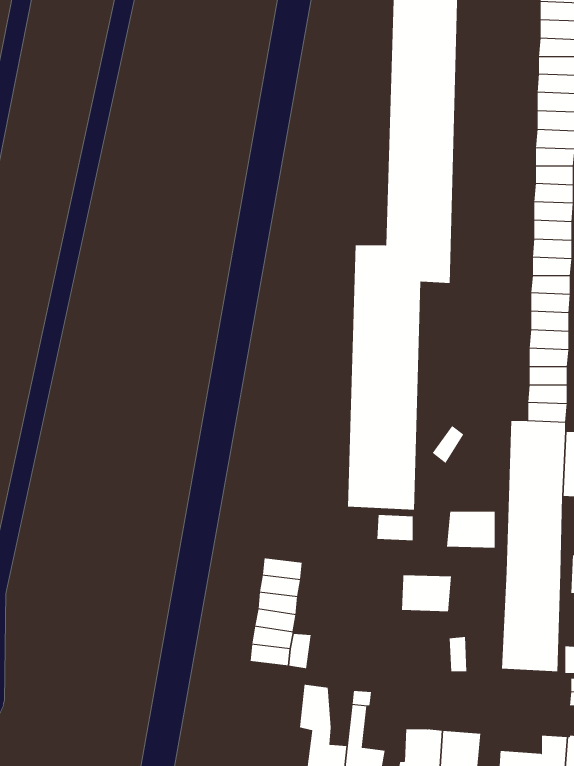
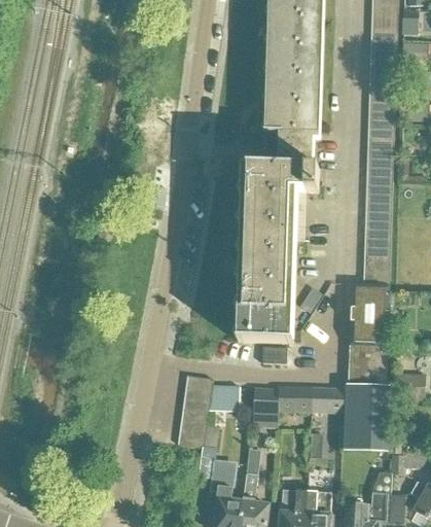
building: [446,511,496,548] -> [311,388,344,413]
building: none -> [209,385,240,411]
building: none -> [253,388,280,415]

